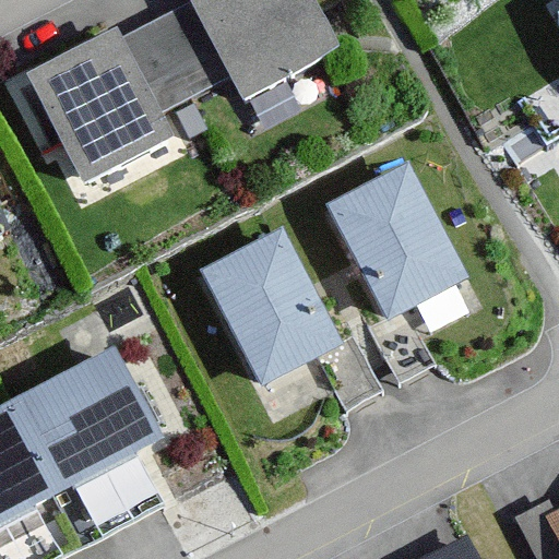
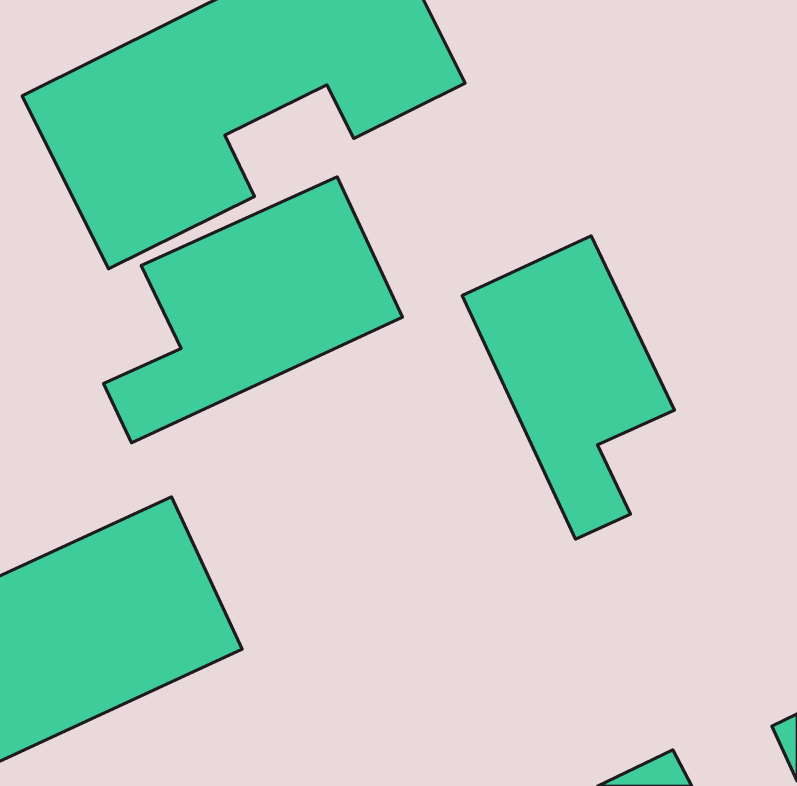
building: none -> [103,177,403,443]
building: [201,228,372,402] -> none

